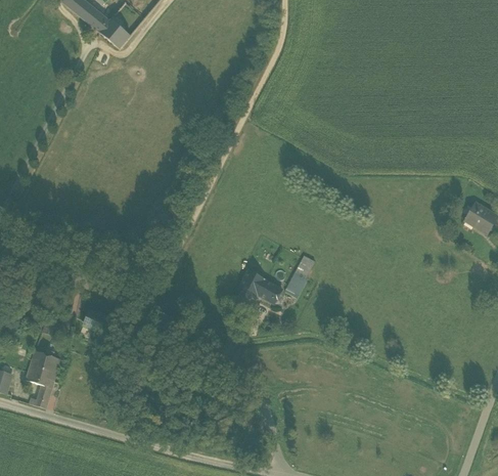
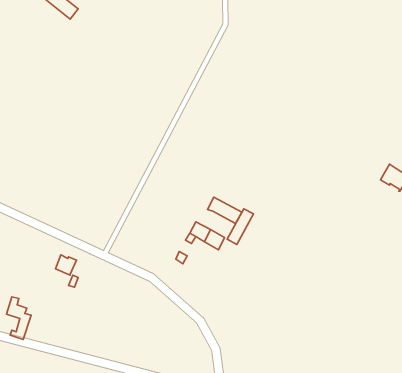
building: [99,18,129,48] -> none
building: none -> [207,197,242,224]
building: [31,347,59,379] -> none

